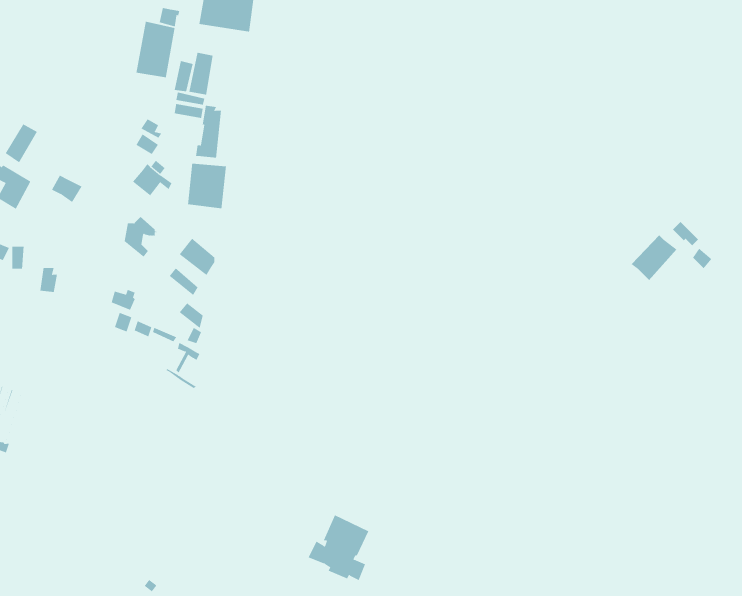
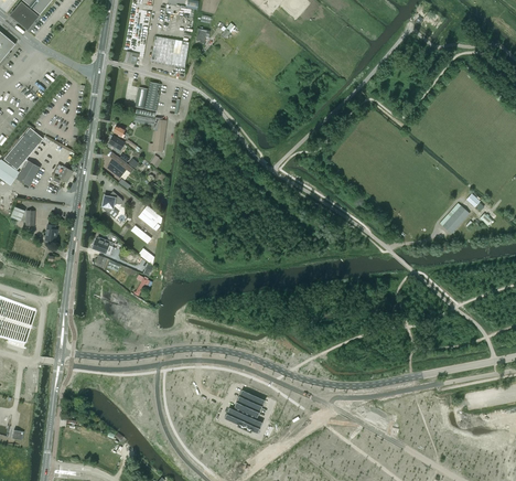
building: [136,21,175,78] -> none
building: [188,163,226,209] -> none

